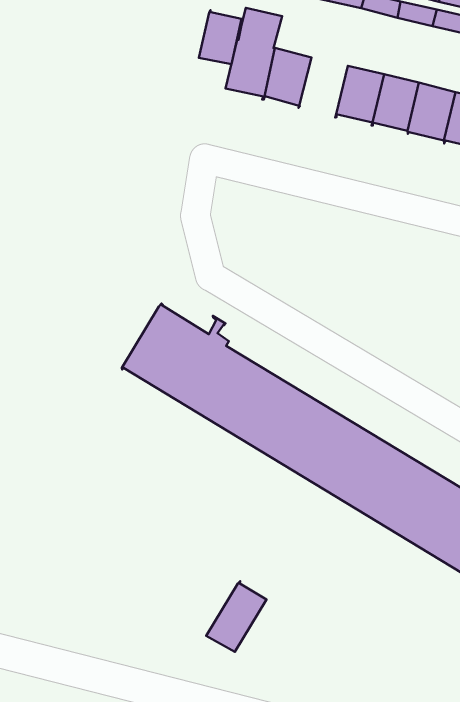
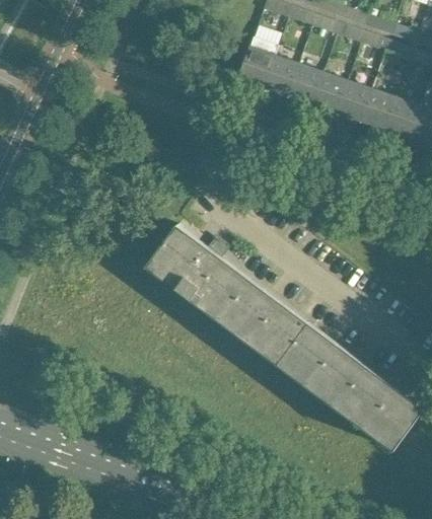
building: [199,10,242,64] -> none
building: none -> [280,62,316,102]
building: [206,581,266,652] -> none

